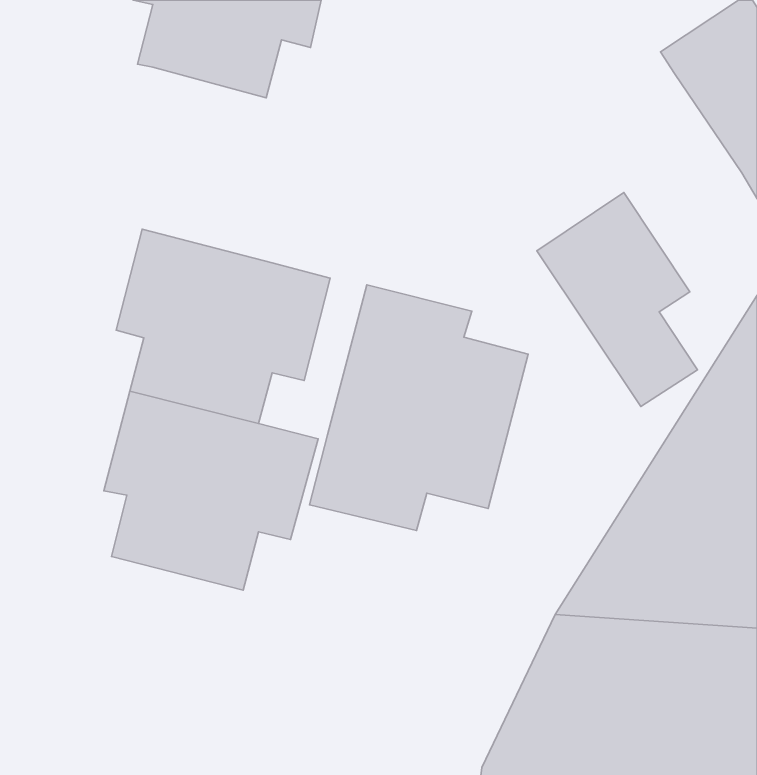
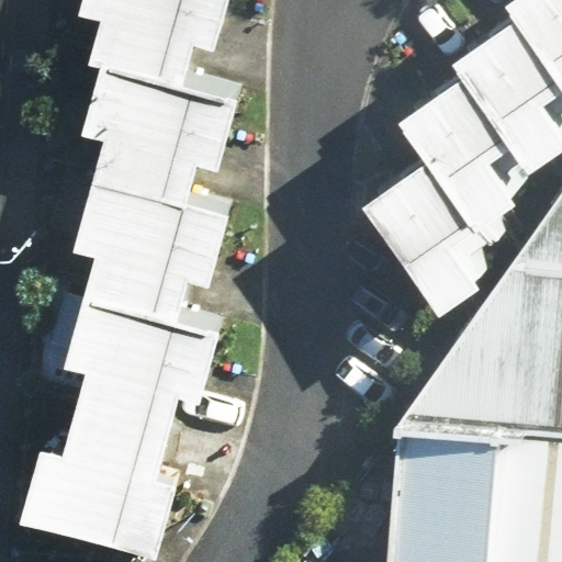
building: none -> [91,53,247,193]
building: none -> [419,57,537,214]
building: [309,285,528,530] -> none
building: none -> [29,404,186,547]

